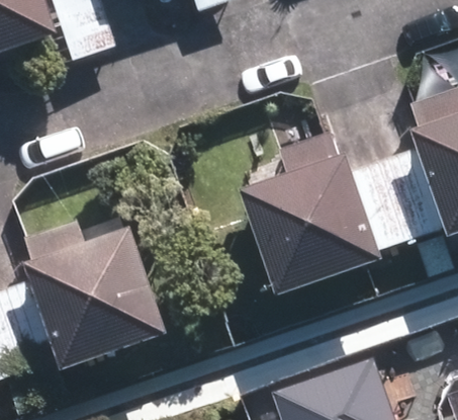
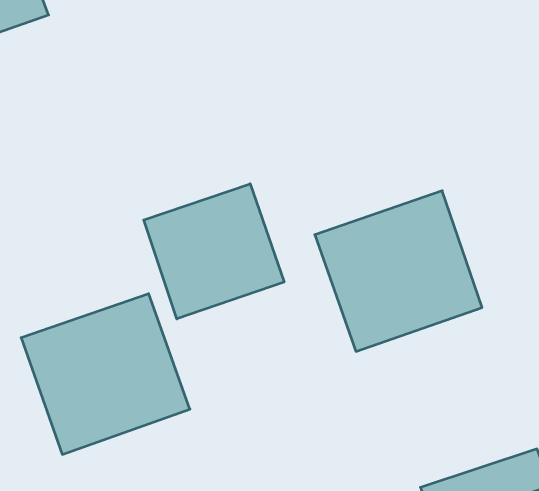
building: none -> [144,184,284,319]

